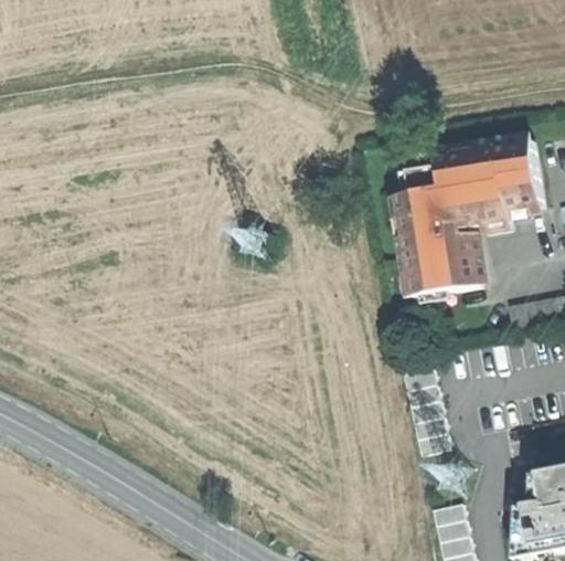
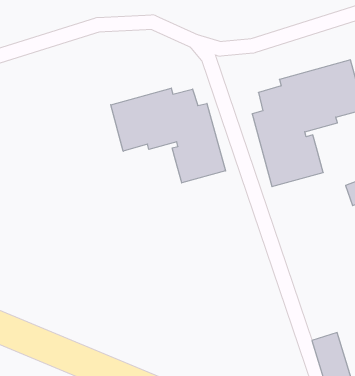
building: none -> [111,88,226,183]

